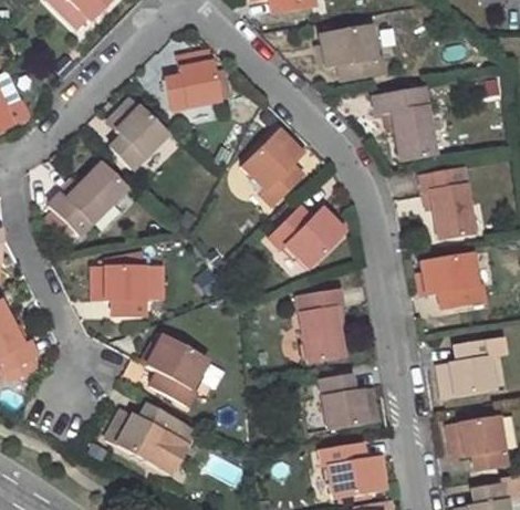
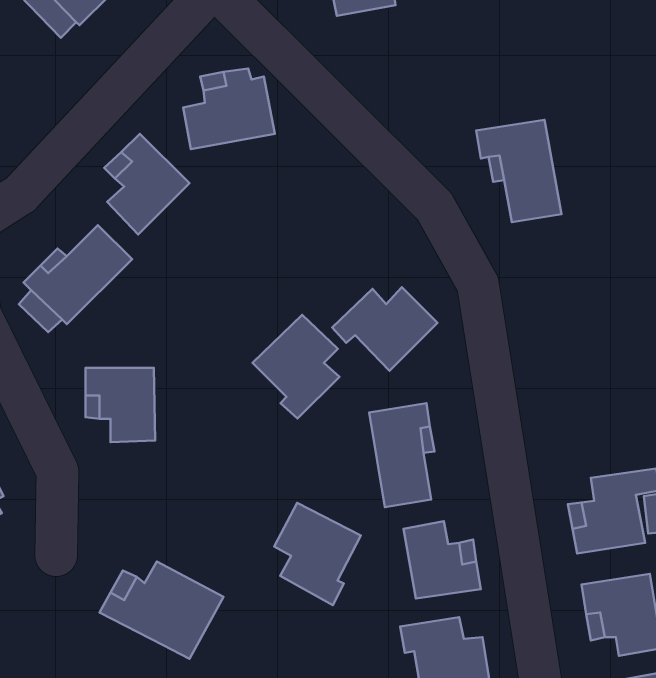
building: [322,24,384,82] -> none
building: [242,131,304,205] -> [253,315,339,419]
building: [419,168,472,240] -> none
building: [423,253,487,309] -> none
building: [147,333,209,406] -> [274,503,361,605]

